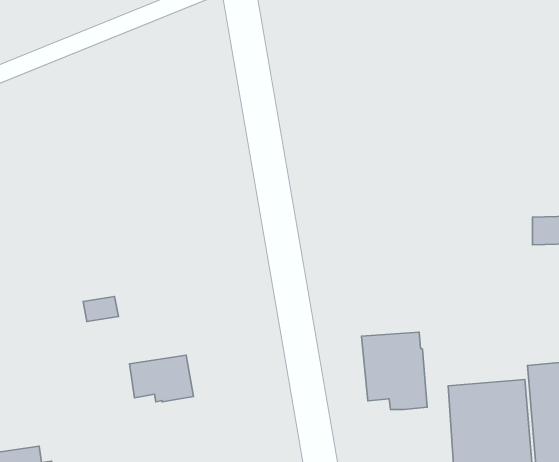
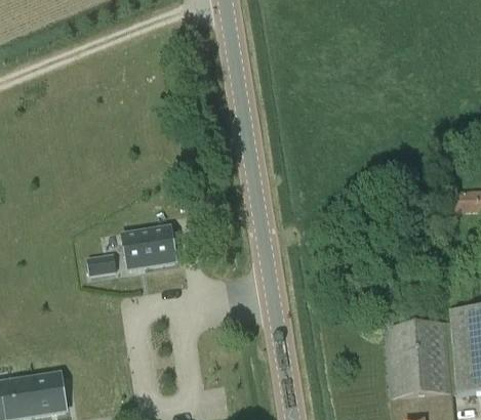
building: [361,332,427,409] -> none
building: [129,355,194,402] -> [123,226,175,264]

